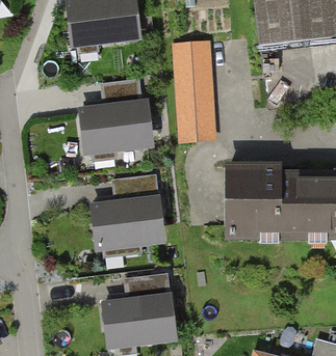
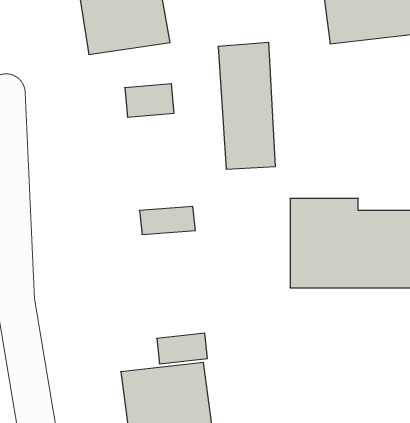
building: [77,100,147,159] -> none
building: [93,191,162,251] -> none

